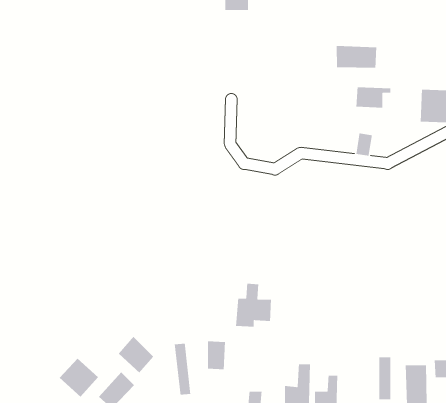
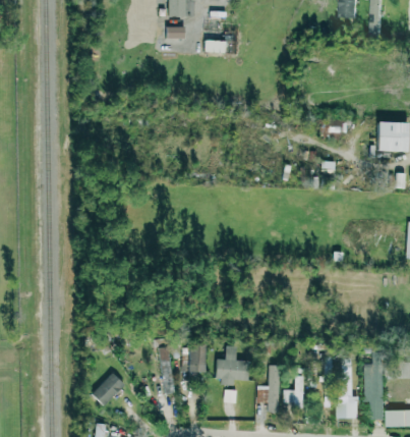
building: [336,45,377,69] -> none
building: [235,283,272,328] -> [216,345,248,385]
building: [118,336,154,374] -> none
building: [59,358,99,397] -> none

